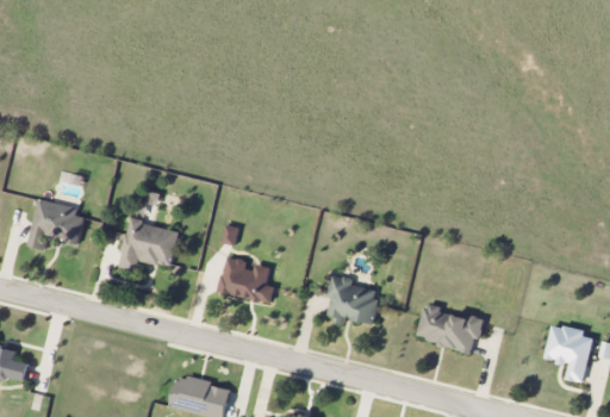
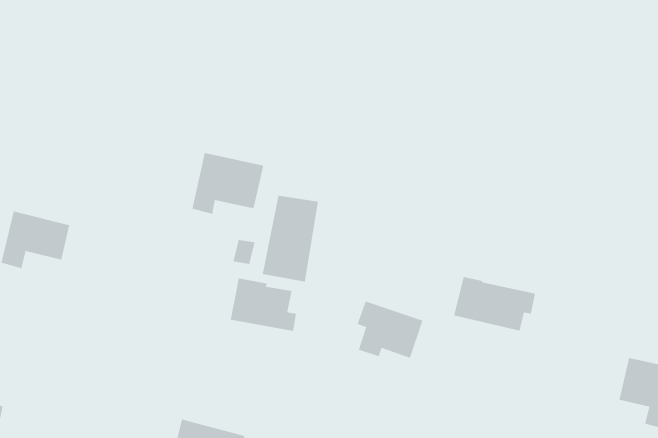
building: none -> [262,195,319,282]
building: [118,219,179,272] -> [191,152,264,215]
building: [416,305,485,351] -> [453,276,536,332]

